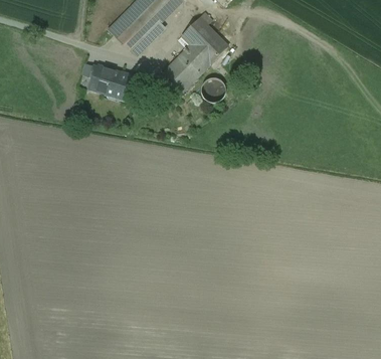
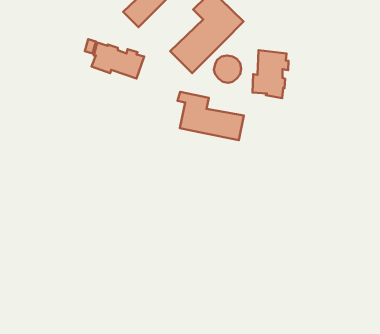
building: none -> [253,50,289,98]
building: none -> [178,92,244,140]

